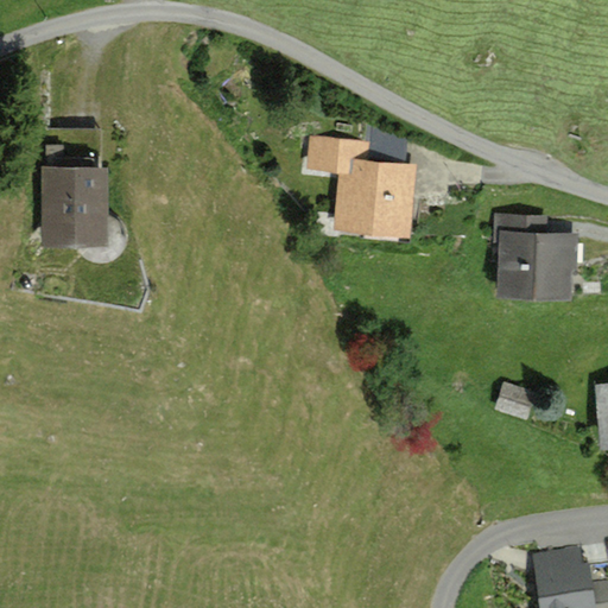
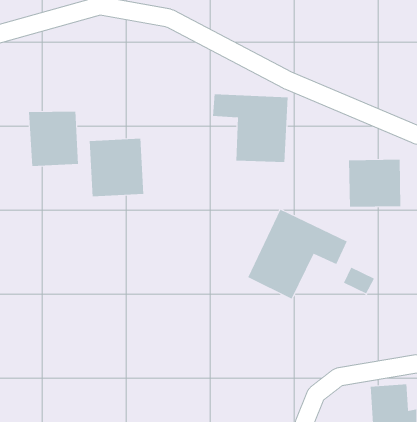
building: none -> [89,138,144,197]
building: none -> [248,209,347,299]

